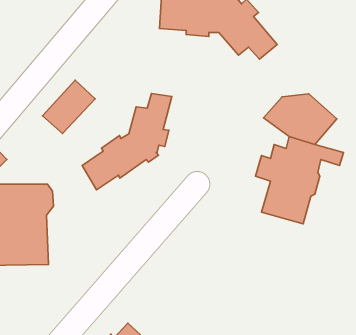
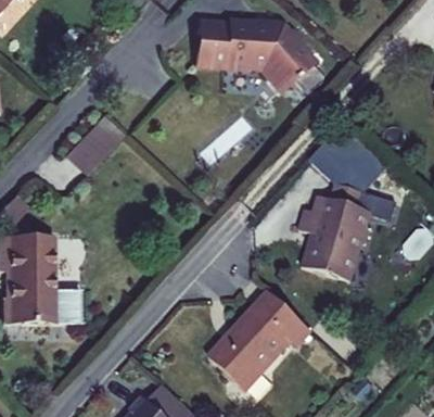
building: [82,94,172,190] -> none
building: none -> [207,292,310,390]

